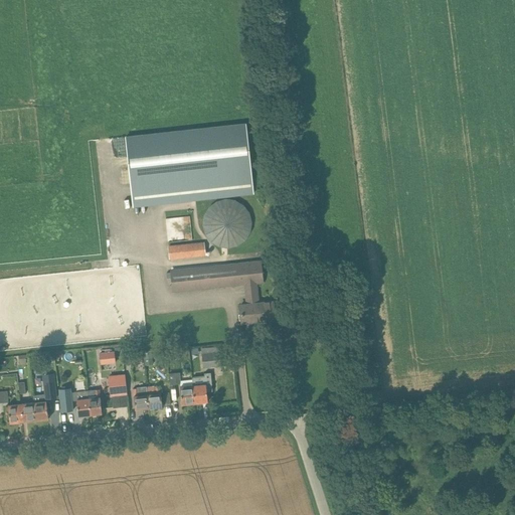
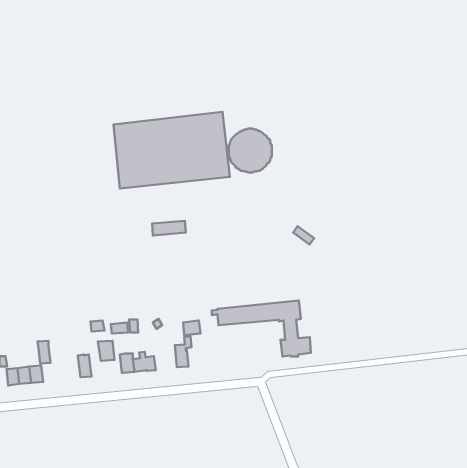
building: [203,199,250,247] -> [229,129,272,173]
building: [164,262,273,323] -> [212,301,311,356]
building: [169,373,194,405] -> none
building: [57,388,89,415] -> none

